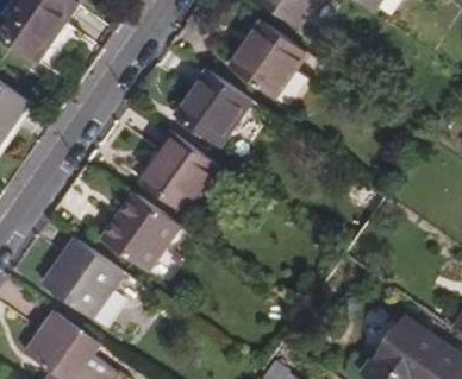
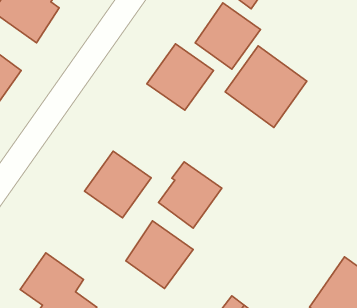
building: none -> [225,46,307,128]
building: [143,132,217,209] -> [159,162,222,228]
building: [43,239,121,317] -> [126,221,193,288]

